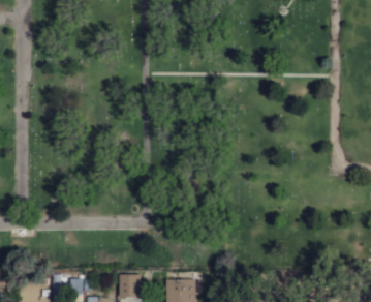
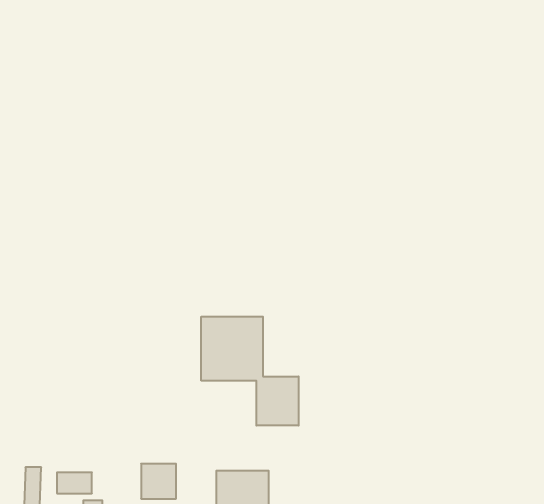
building: none -> [201,317,299,426]

